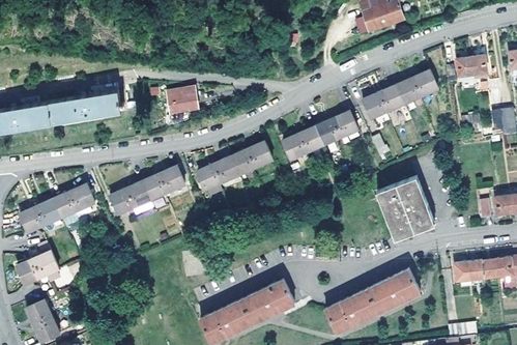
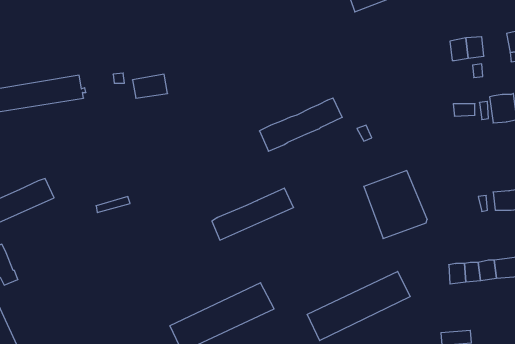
building: [363,69,437,118] -> none
building: [198,141,272,189] -> [212,188,294,240]
building: [110,166,184,213] -> none

